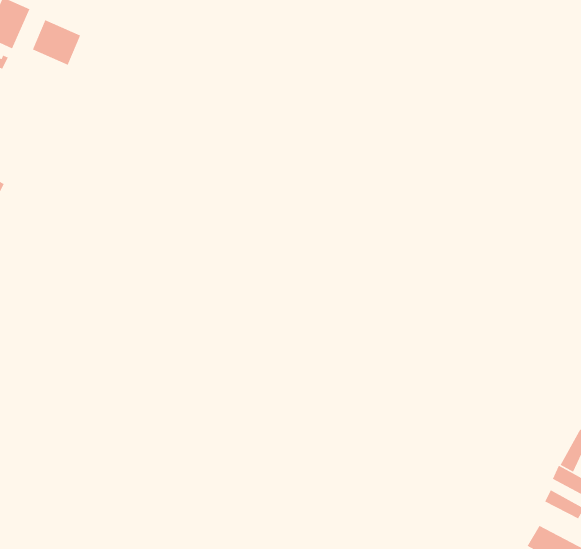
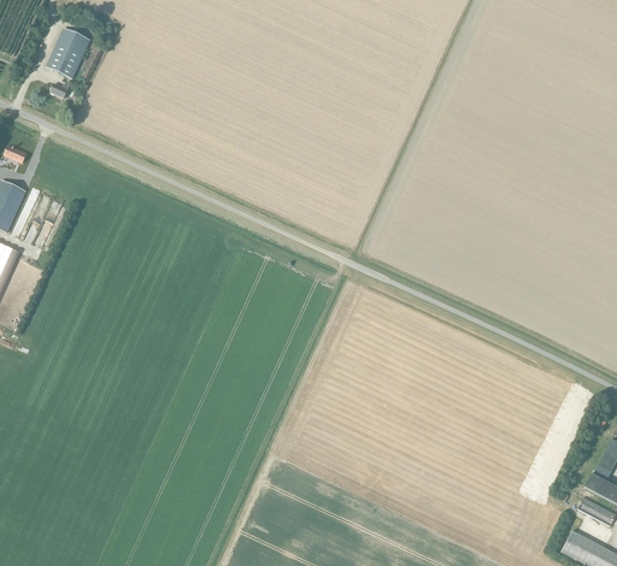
building: [32,19,81,66] -> none

